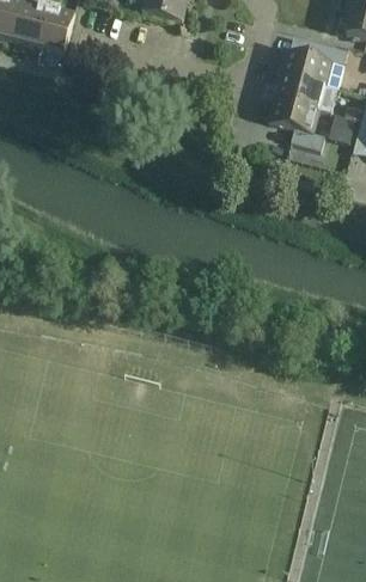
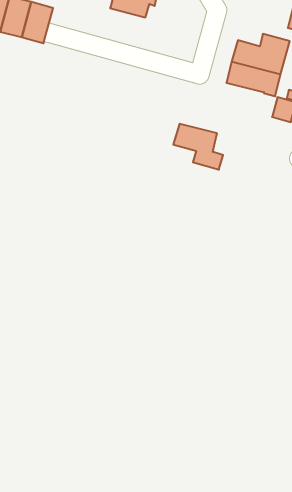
building: [268,97,325,149] -> [173,124,223,170]

